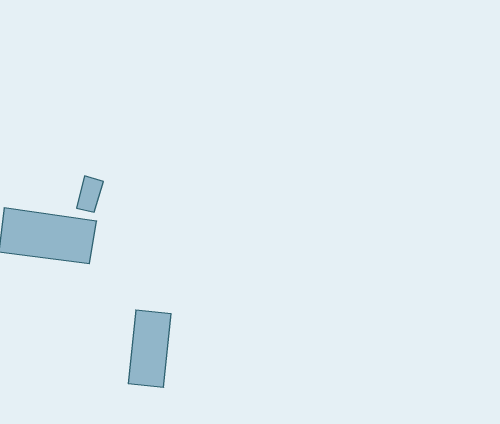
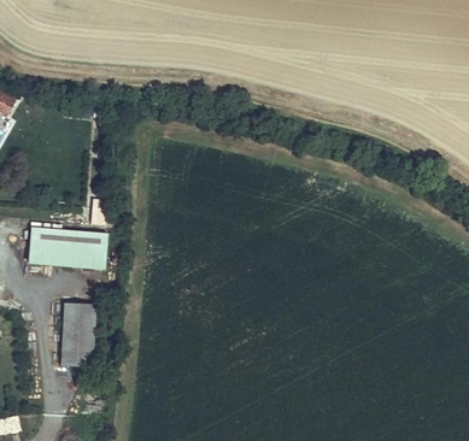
building: [128,310,171,387] -> [65,301,96,363]

